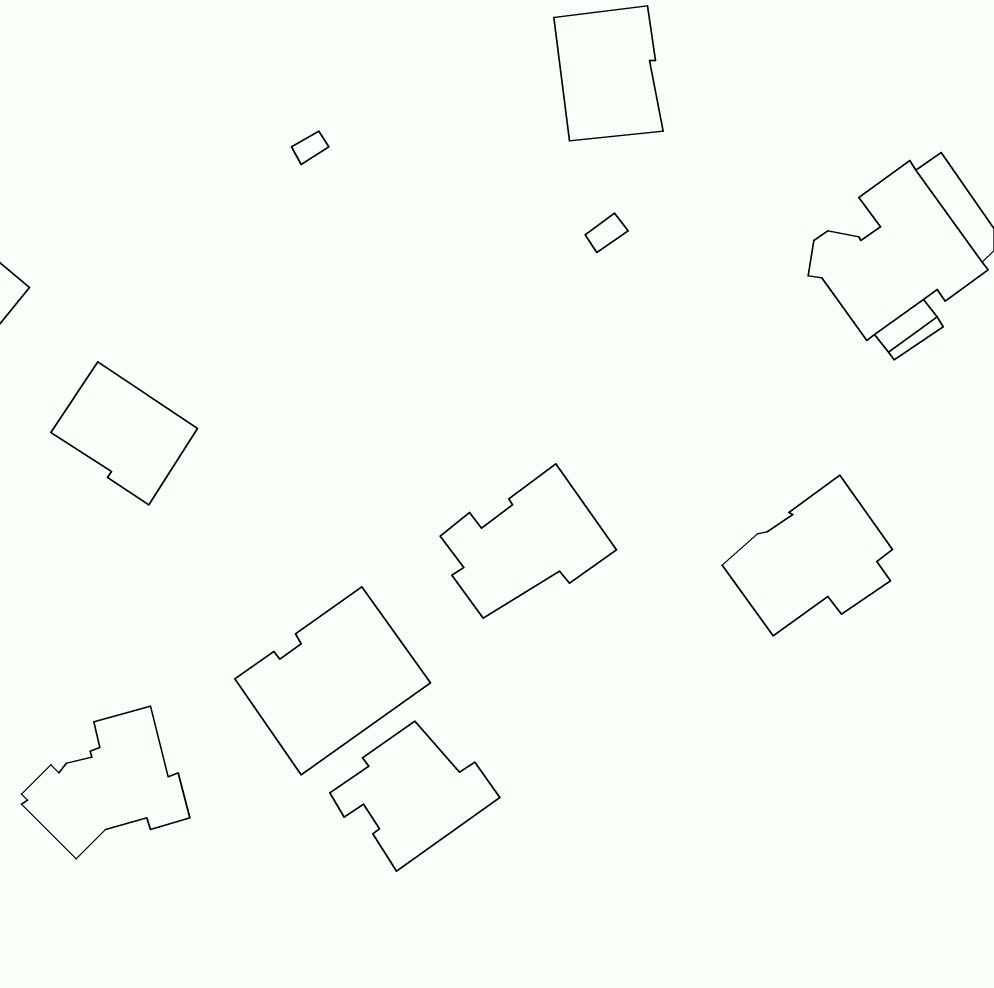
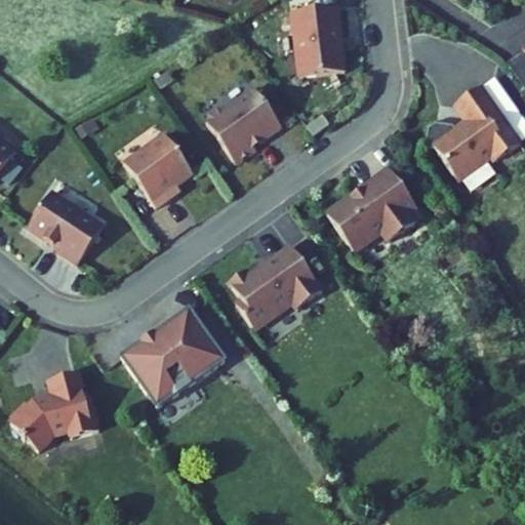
building: none -> [205,85,281,161]
building: none -> [123,132,193,206]
building: [722,475,893,636] -> [327,165,416,249]
building: [330,721,500,871] -> none

